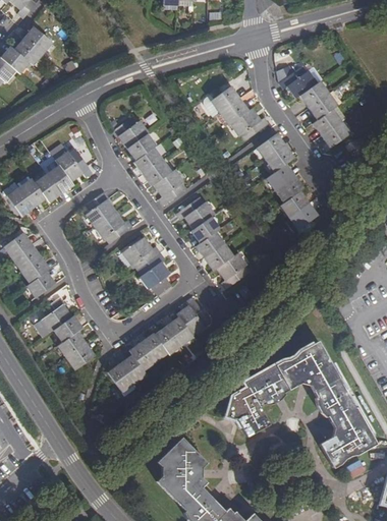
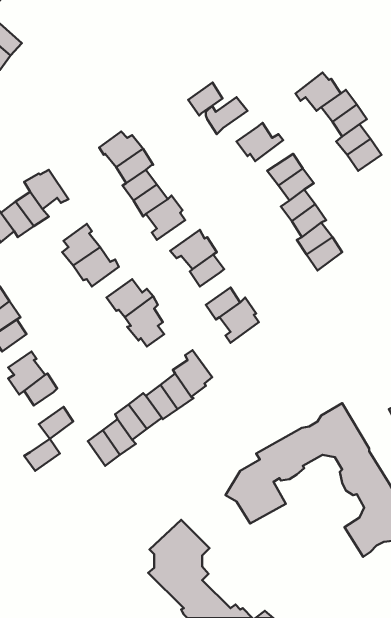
building: [218,98,246,125] -> [188,82,222,116]
building: [195,232,224,258] -> none
building: [56,331,86,357] -> [24,439,60,471]

